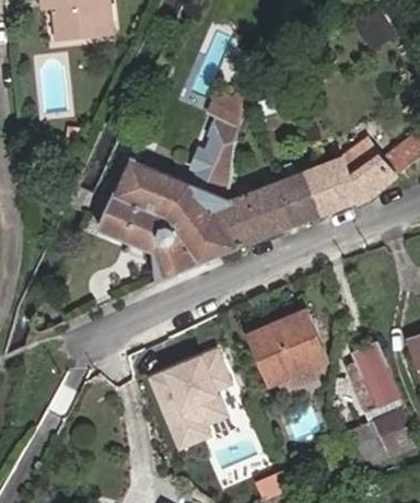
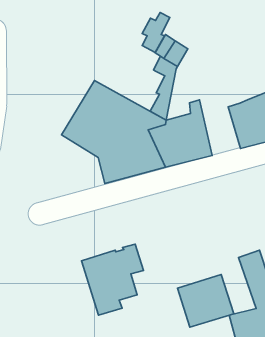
building: [190,133,222,185] -> [142,13,170,53]
building: [276,165,330,230] -> none
building: [244,317,319,389] -> [177,275,234,327]

